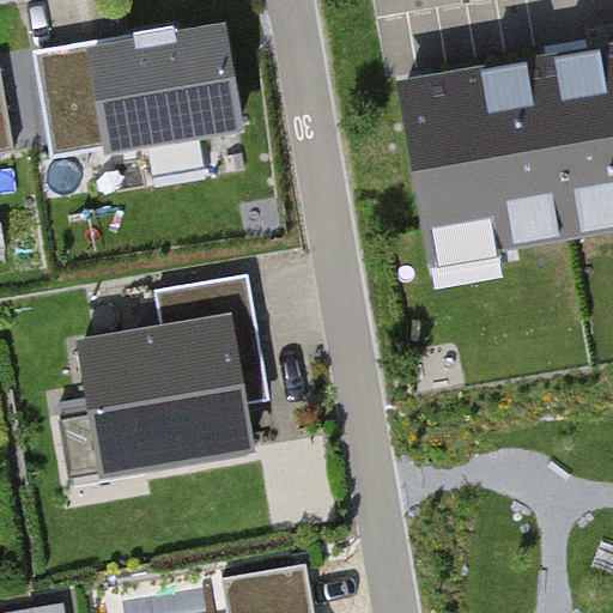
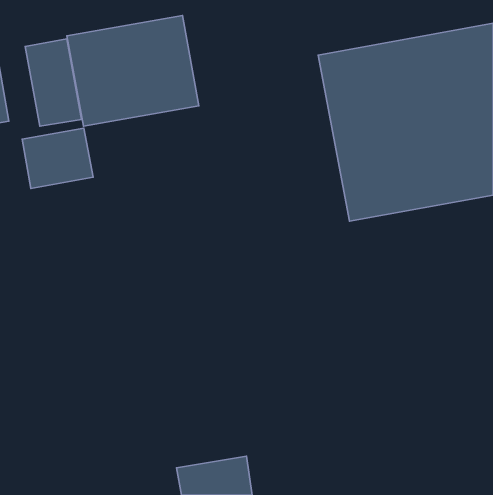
building: none -> [22,128,93,189]
building: [78,316,251,478] -> none

